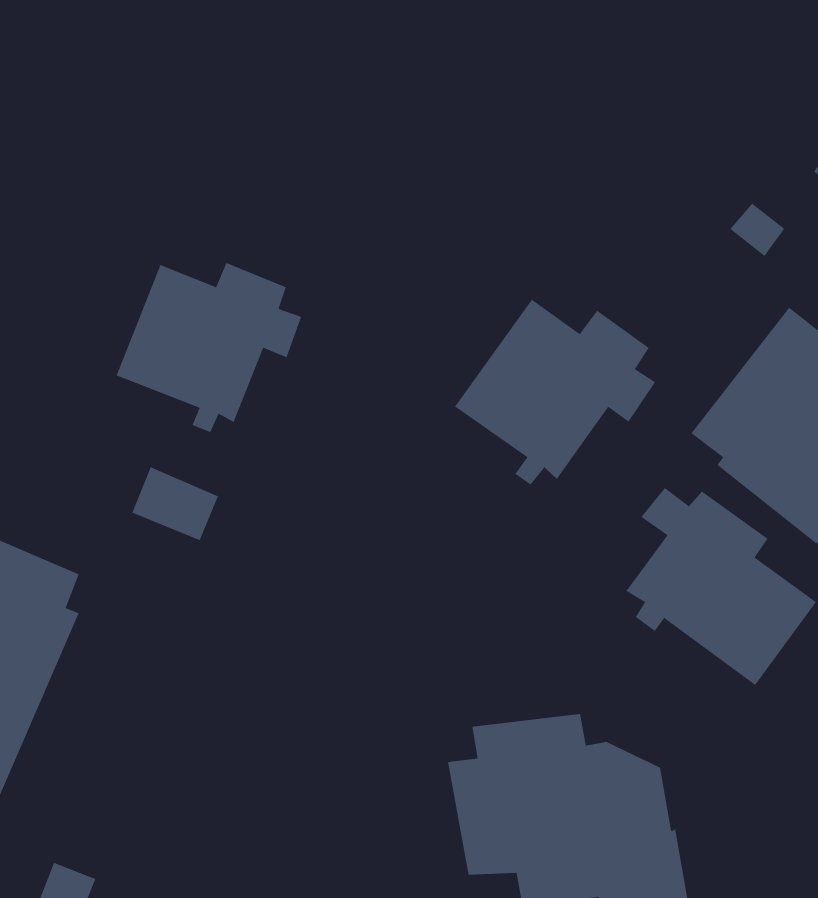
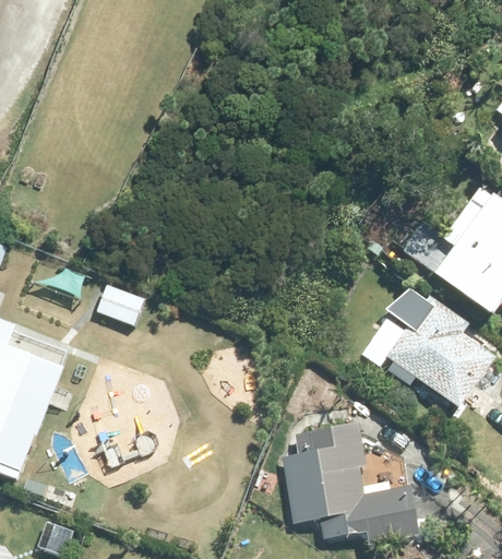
building: [116,262,302,433] -> none
building: [454,299,656,486] -> none

